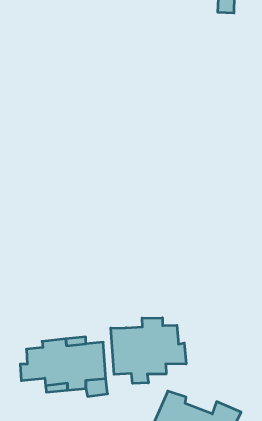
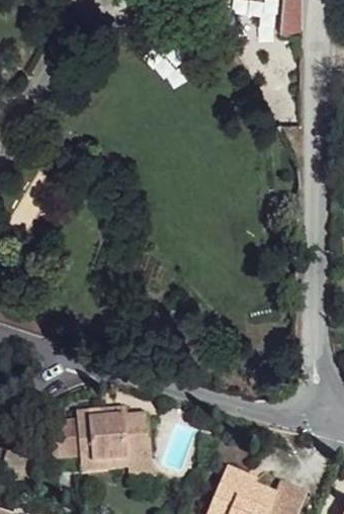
building: [111,318,186,383] -> none

